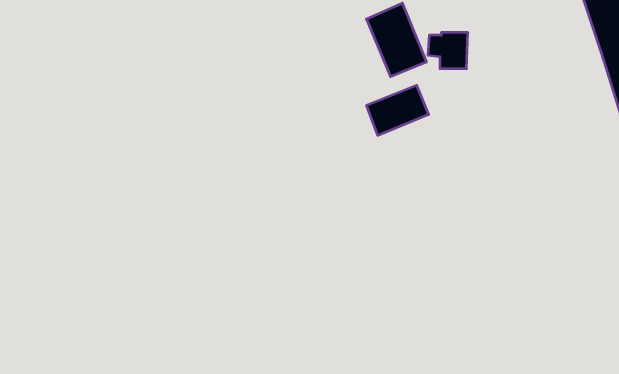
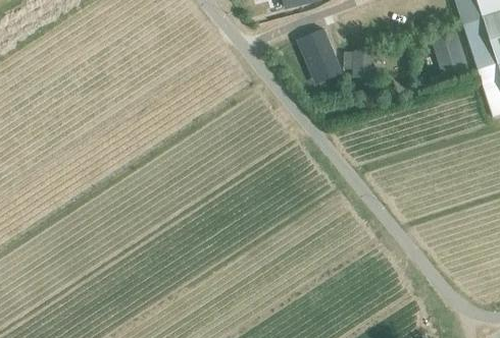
building: none -> [433,34,465,72]
building: [367,85,429,135] -> none

